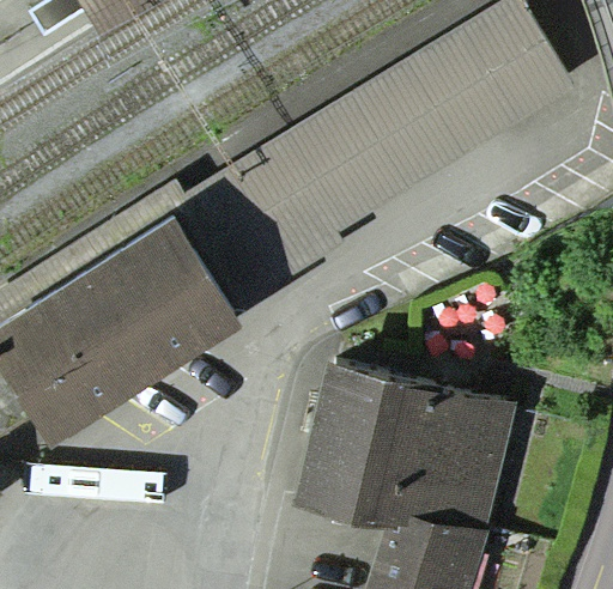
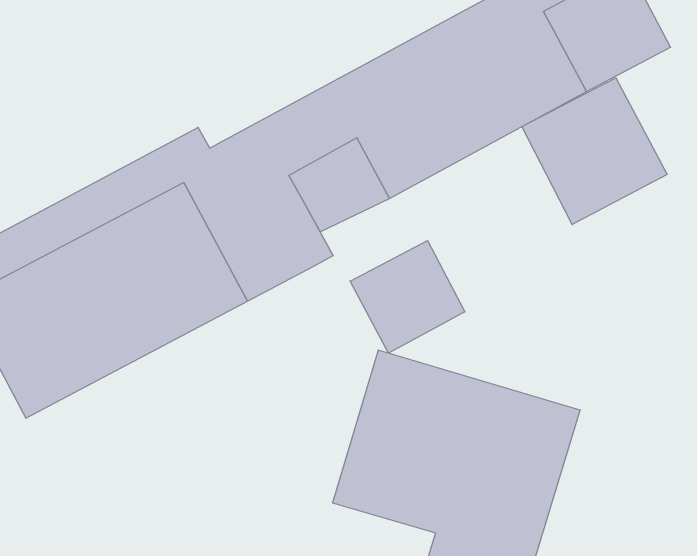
building: none -> [522,78,667,225]
building: none -> [350,241,465,353]

